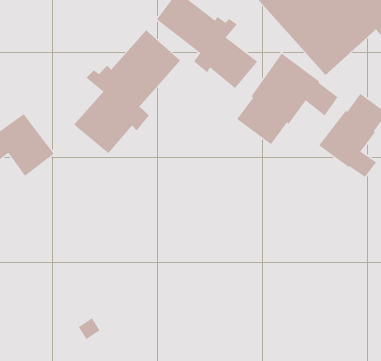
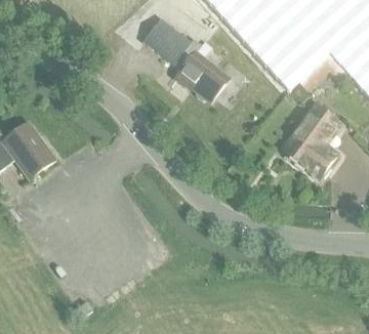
building: [73,29,181,154] -> none
building: [236,53,338,145] -> none

